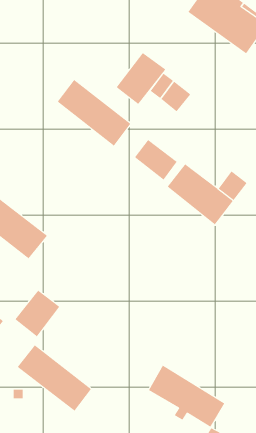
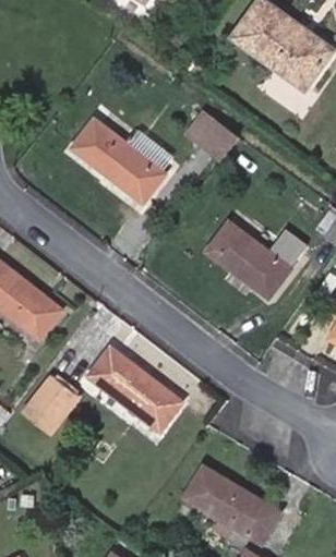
building: [116,52,166,105] -> none
building: [134,139,177,180] -> none
building: [17,344,92,412] -> [89,348,181,429]

